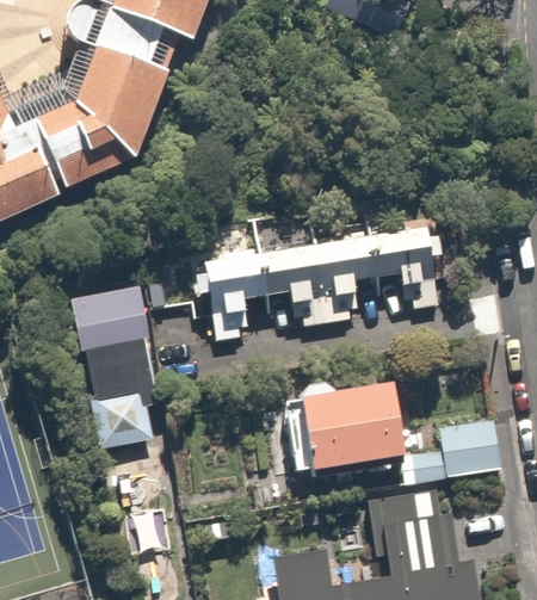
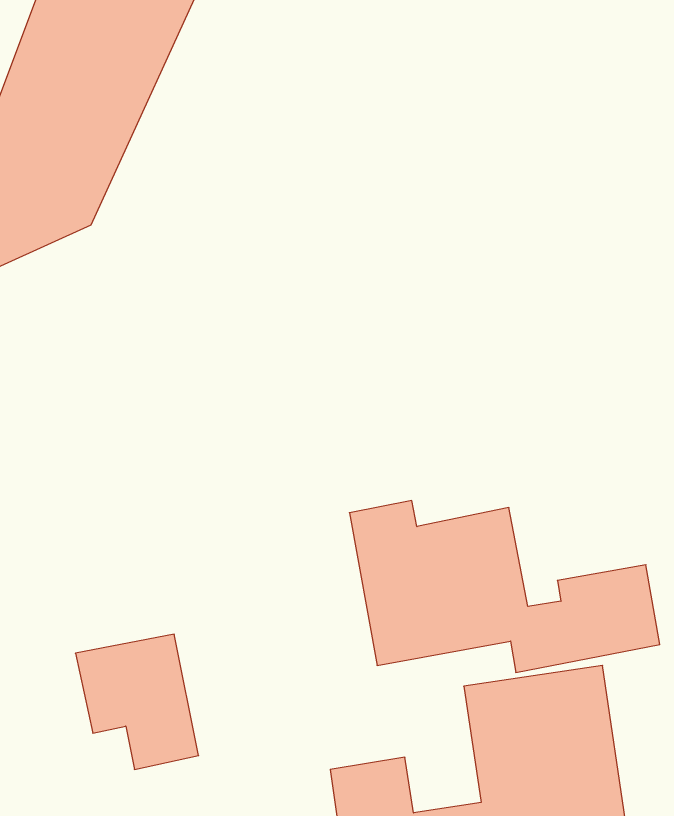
building: [203,223,446,342] -> none
building: [69,284,168,449] -> none

